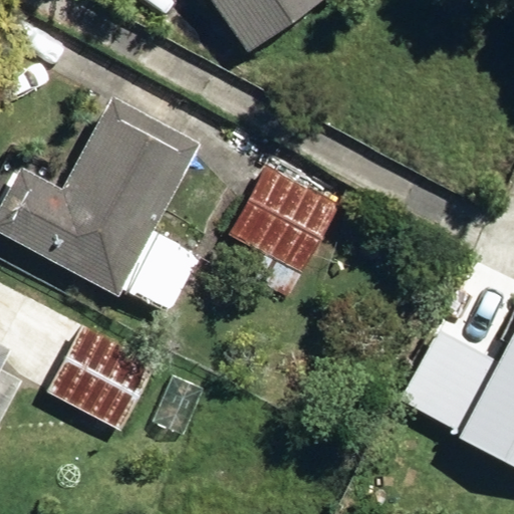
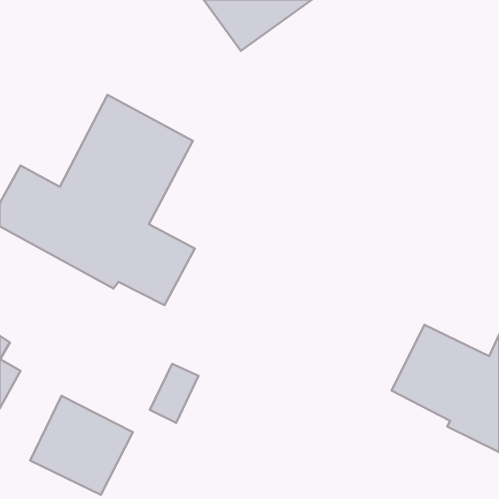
building: [232,166,339,296] -> none
building: [50,325,156,427] -> [30,396,133,495]

